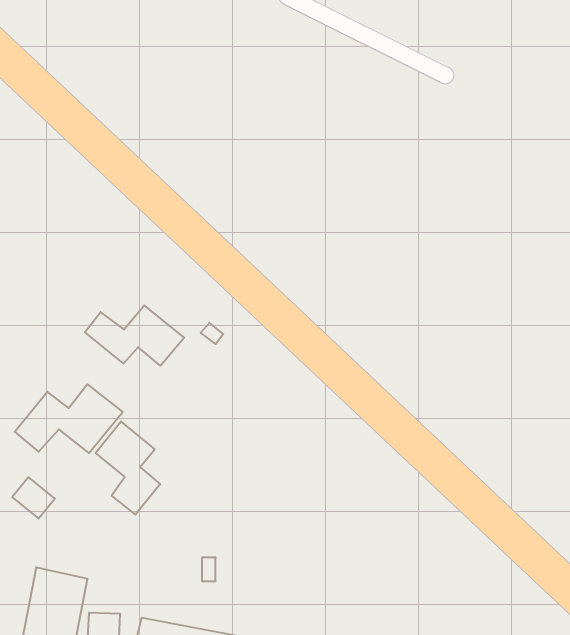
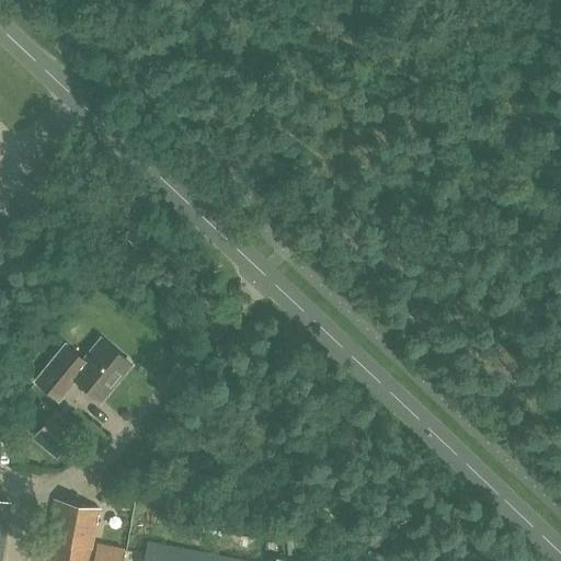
building: [85,305,184,366] -> none
building: [96,421,160,515] -> none

